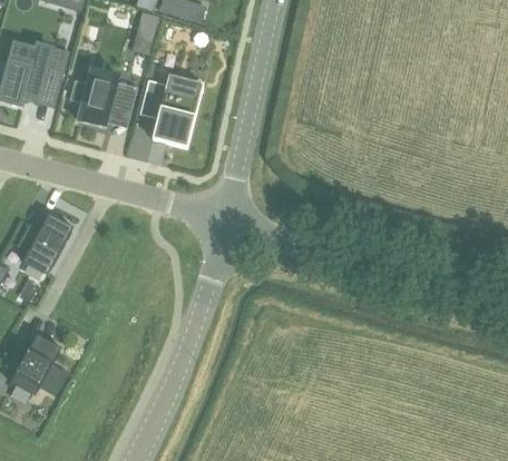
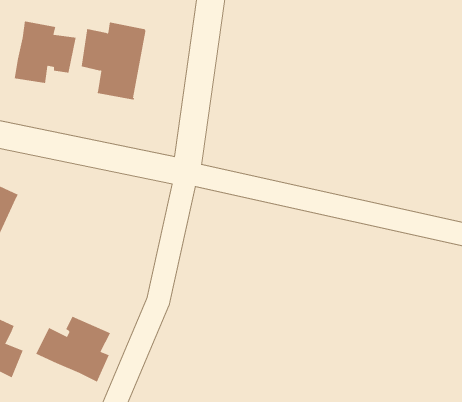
building: none -> [35,316,111,383]

